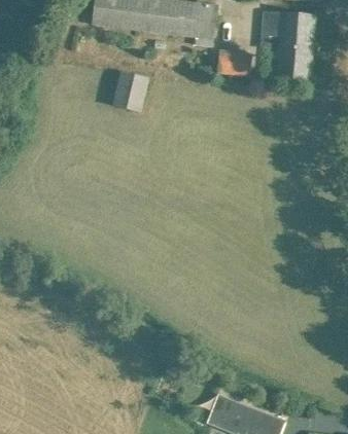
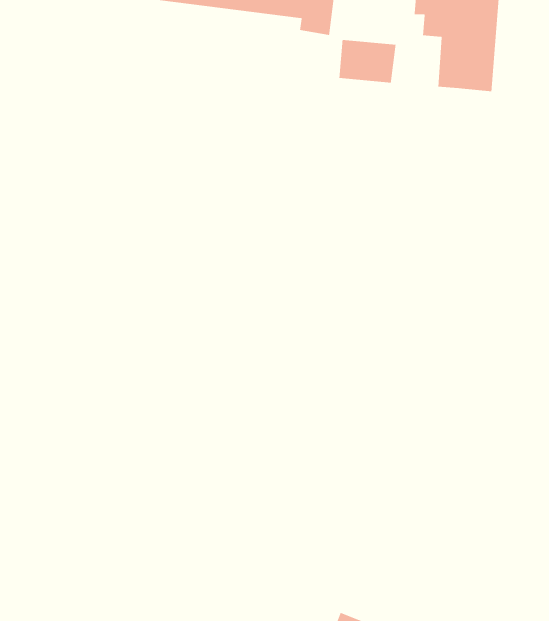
building: [114,72,146,110] -> none

